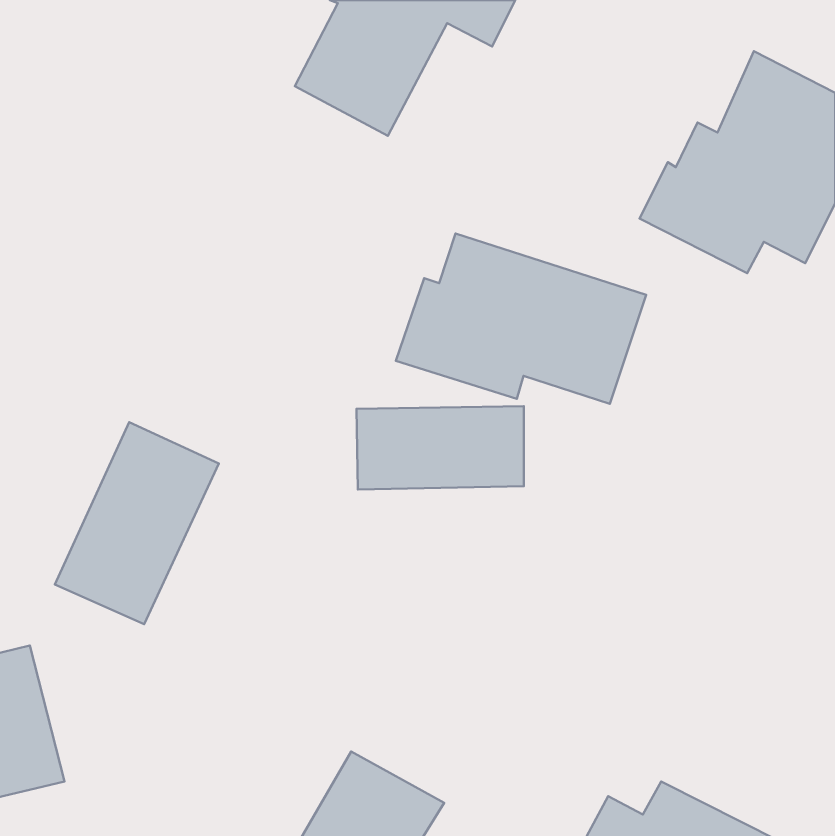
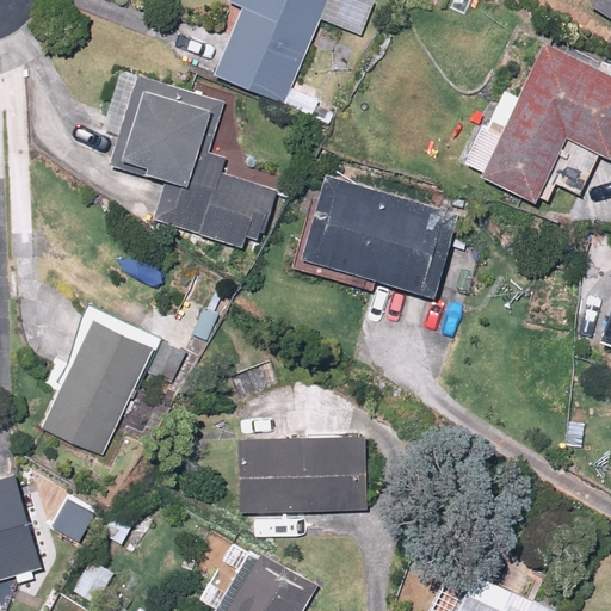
building: none -> [105,75,278,246]
building: [356,406,524,490] -> none
building: none -> [237,434,366,512]

